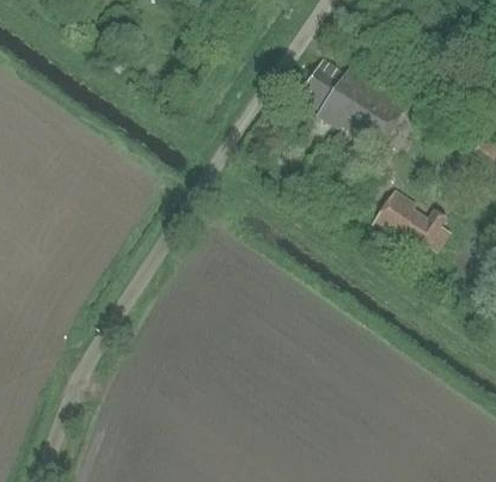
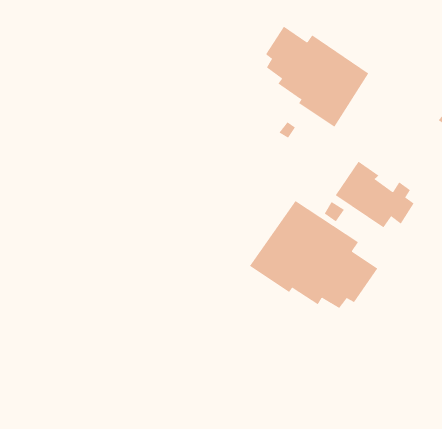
building: none -> [249,200,378,309]

